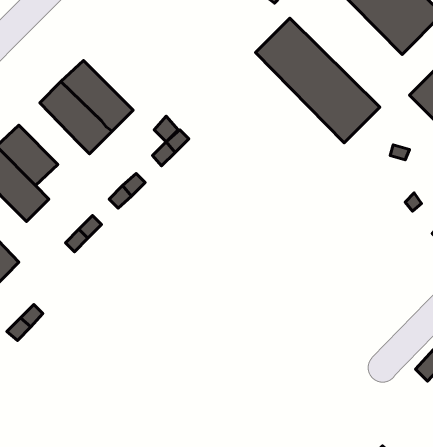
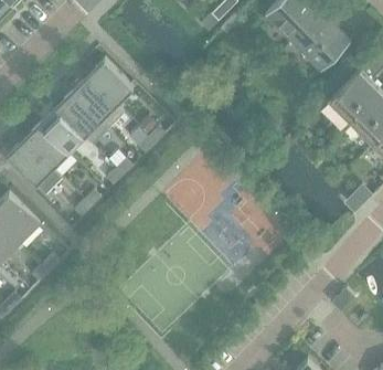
building: [255,18,380,143] -> none
building: none -> [88,59,134,105]
building: none -> [41,107,85,152]

